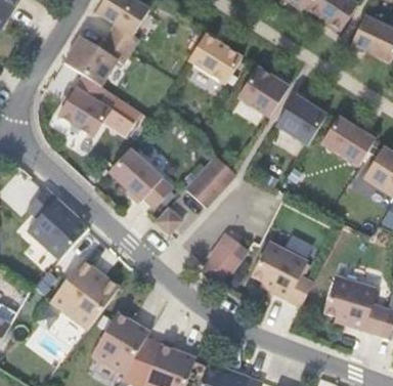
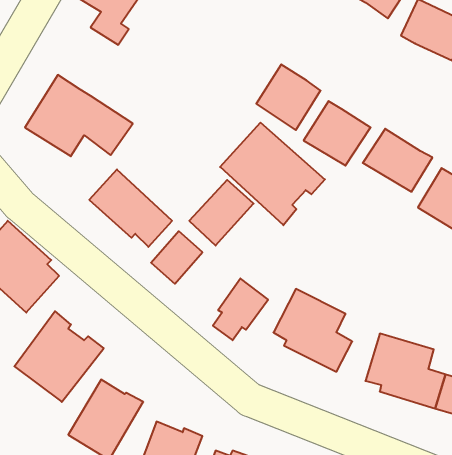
building: [188,33,243,83] -> none
building: [63,35,131,85] -> none
building: none -> [220,123,325,225]

